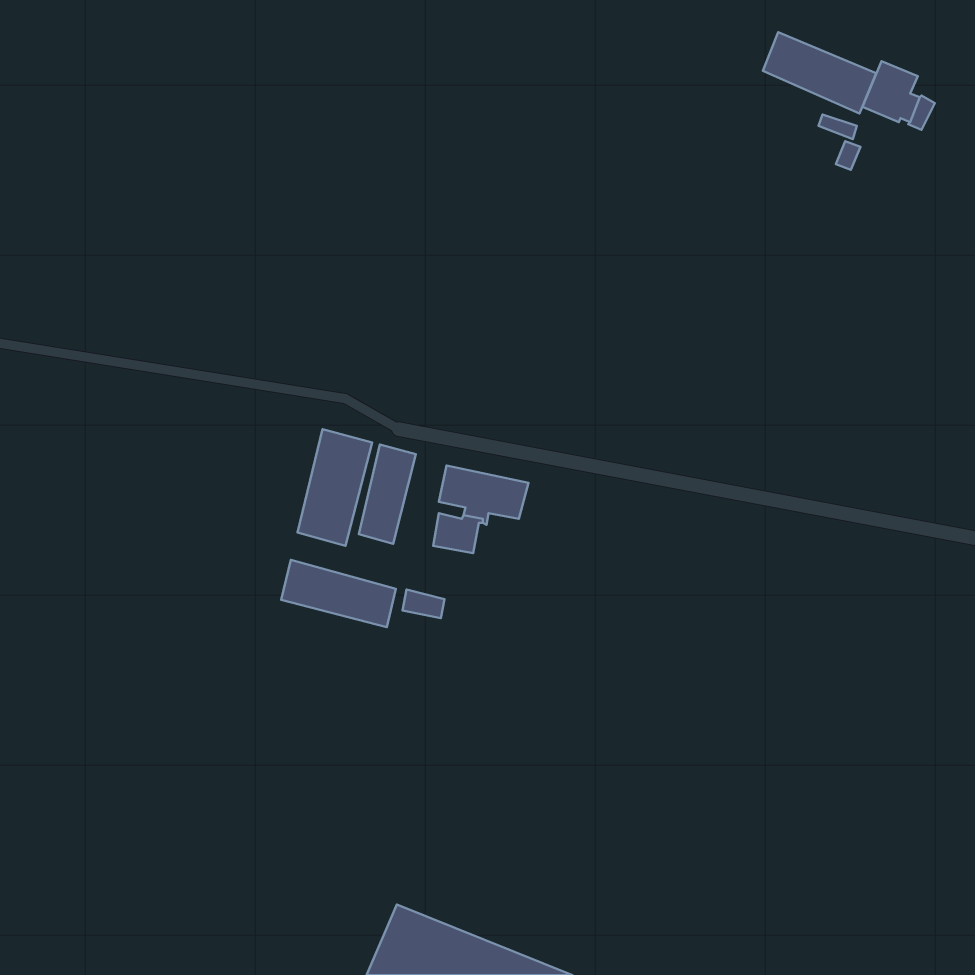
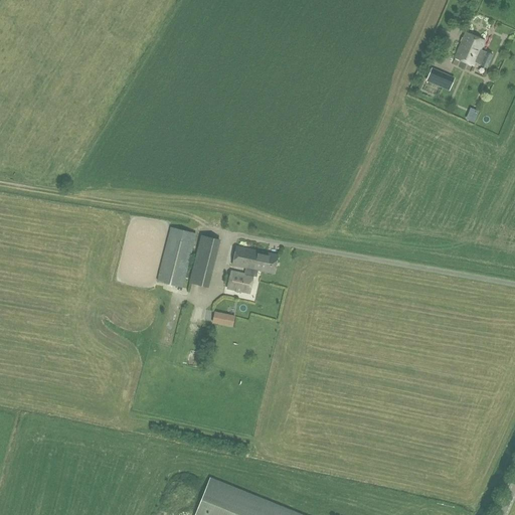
building: [763,32,876,114] -> none
building: [281,560,396,627] -> none

